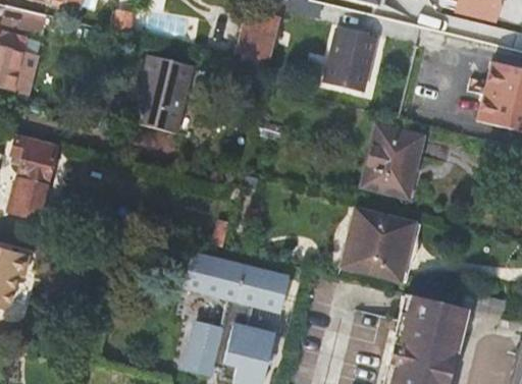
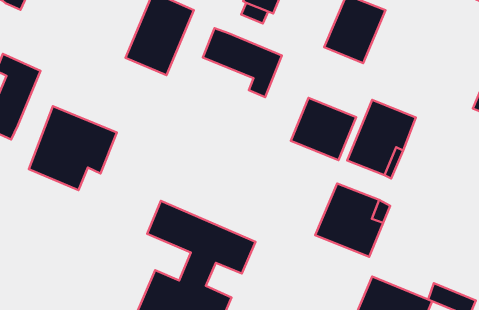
building: none -> [203,28,282,97]
building: none -> [291,98,356,160]
building: none -> [29,106,117,190]

